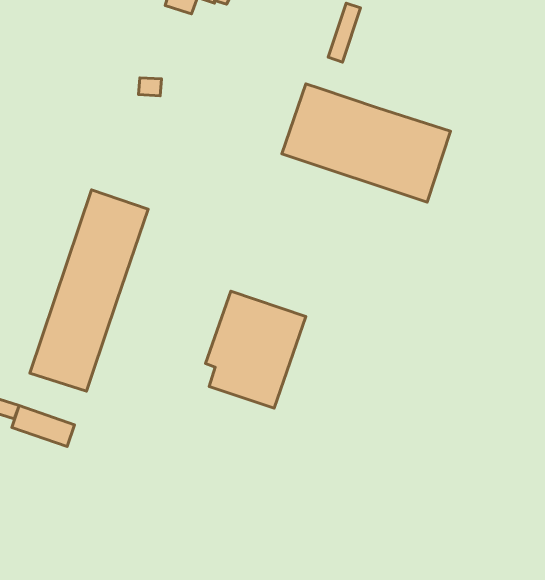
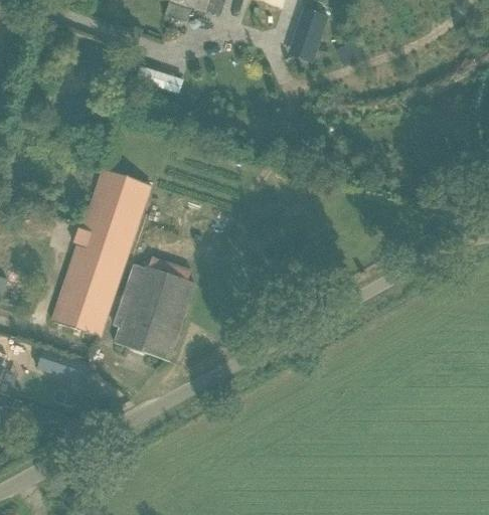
building: [282,84,451,202] -> none
building: [206,291,306,408] -> [112,262,195,359]

